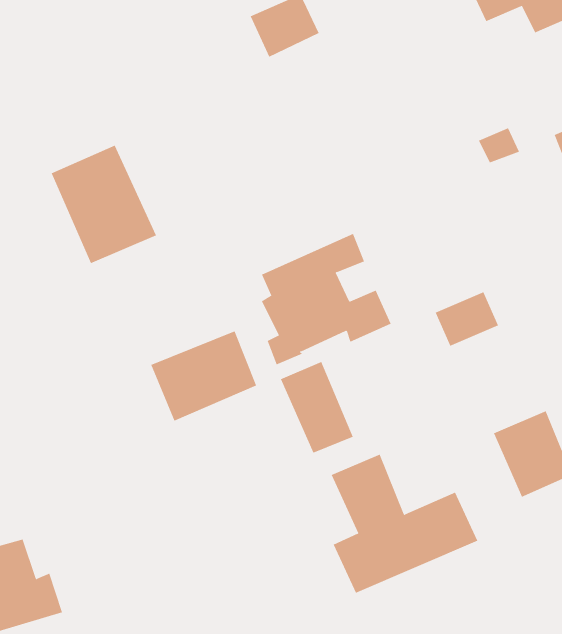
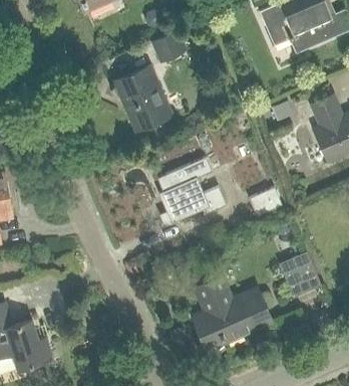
building: [51,145,157,264] -> [116,66,172,130]
building: [151,330,257,421] -> none
building: [280,361,354,454] -> none

